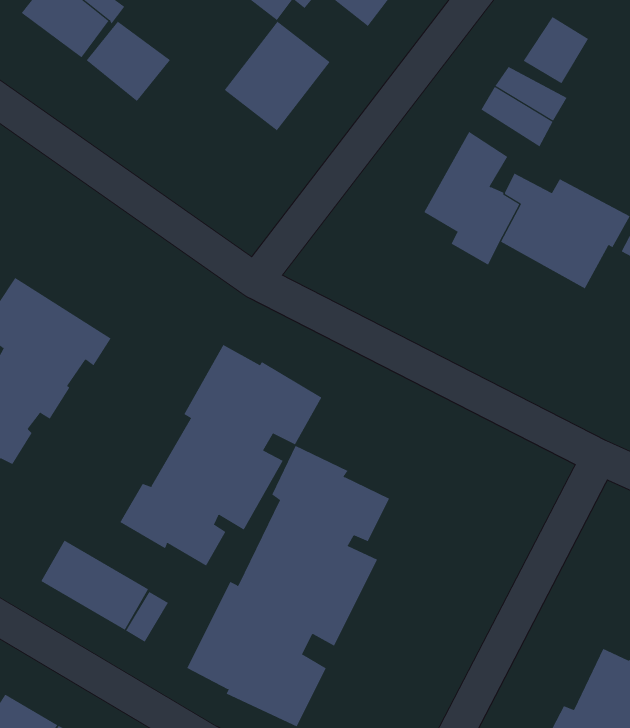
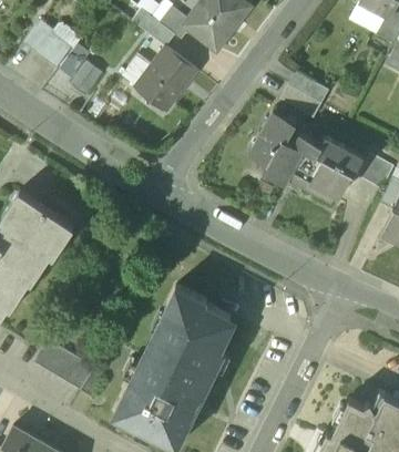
building: [523,16,589,84] -> none
building: [120,344,322,567] -> none

